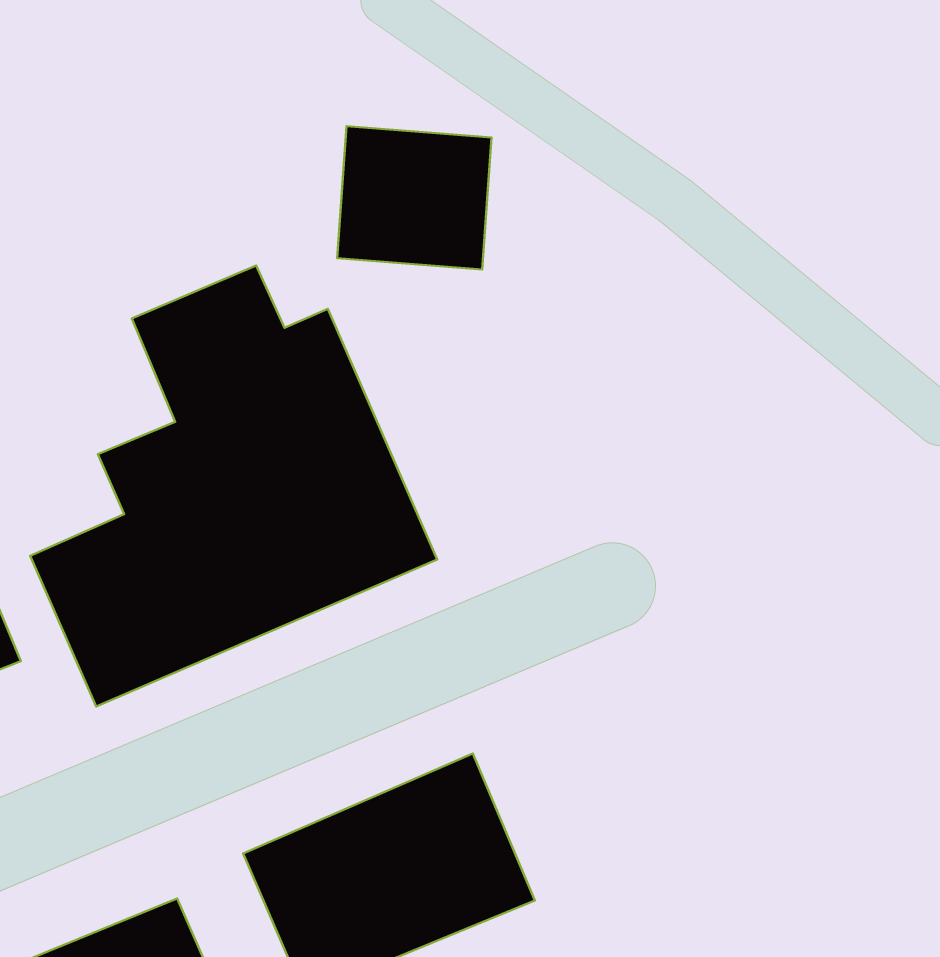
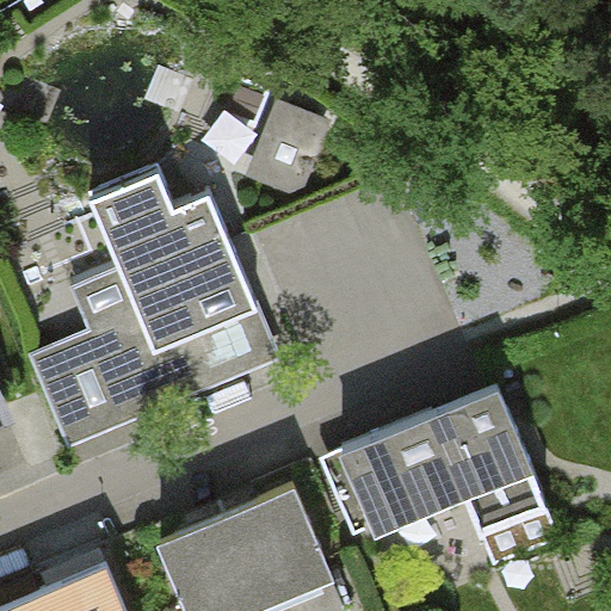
building: none -> [335,381,555,566]

